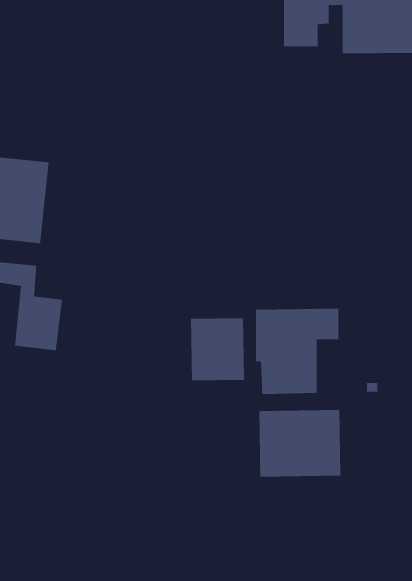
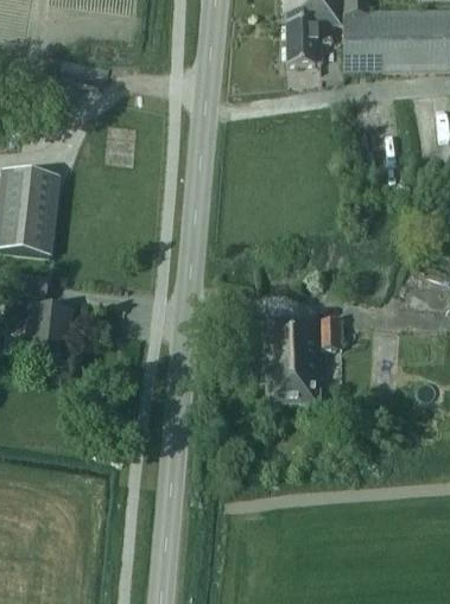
building: [190,317,244,381] -> none
building: [259,409,341,477] -> none

